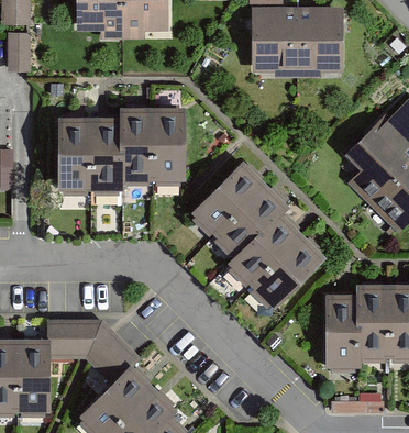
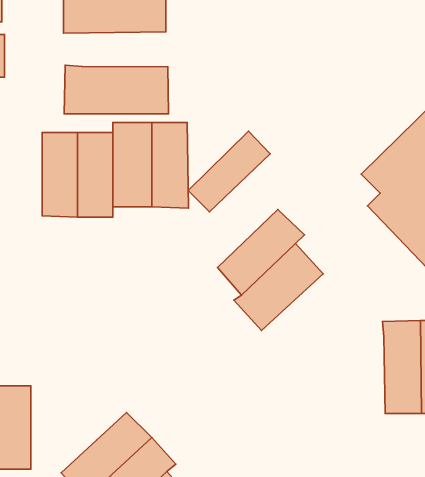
building: [258,16,344,73] -> none
building: none -> [64,65,168,114]
building: [195,166,266,236] -> [188,131,270,212]
building: [252,242,328,315] -> none
building: [327,297,360,370] -> none
building: [45,322,136,387] -> none

